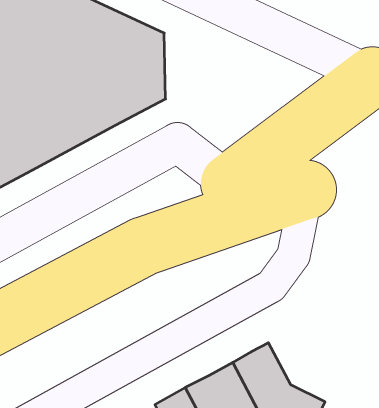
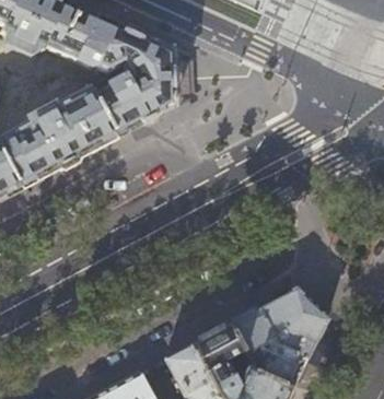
building: none -> [259,289,327,356]

